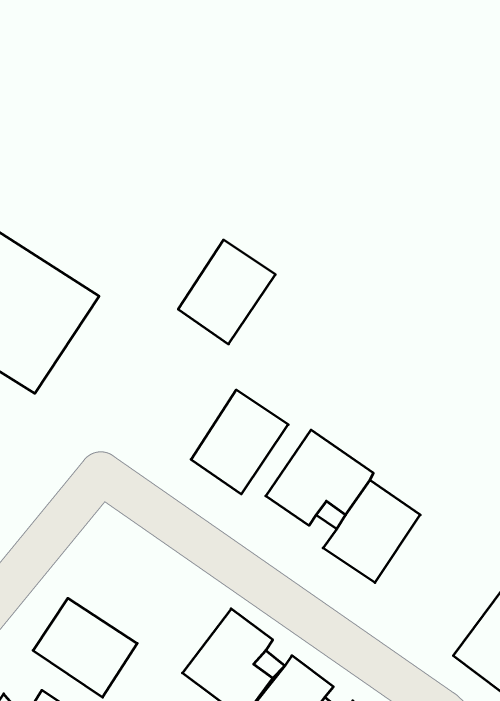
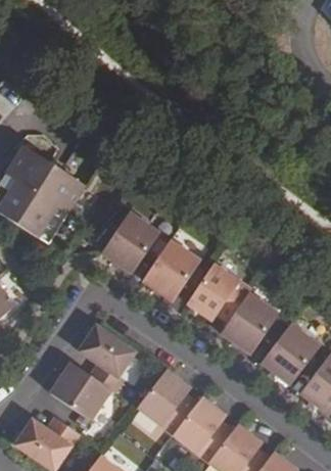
building: [178,240,275,344] -> [101,213,158,274]
building: none -> [78,325,135,392]
building: none -> [256,327,316,388]

